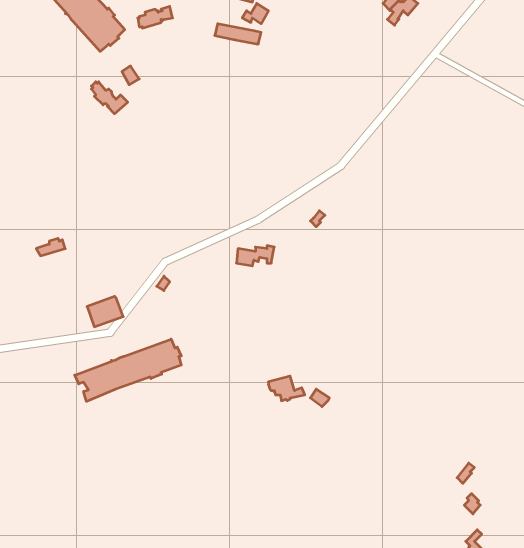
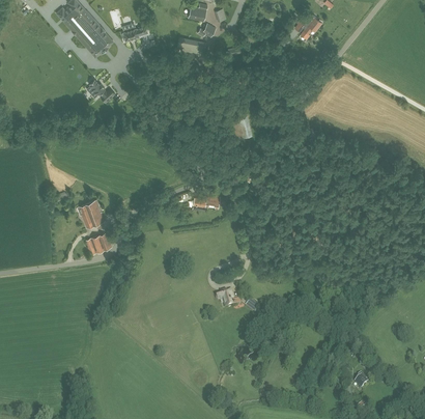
building: none -> [79,198,105,226]
building: [75,339,181,401] -> none

